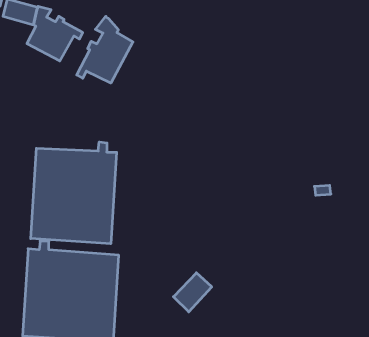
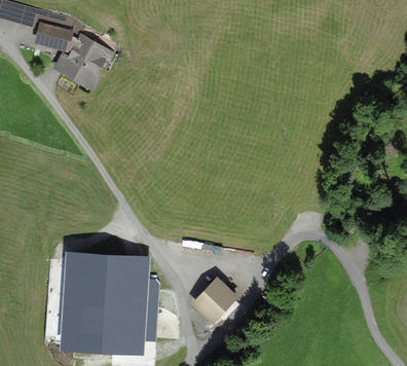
building: [77,16,133,83] -> none
building: [31,142,117,244] -> none

